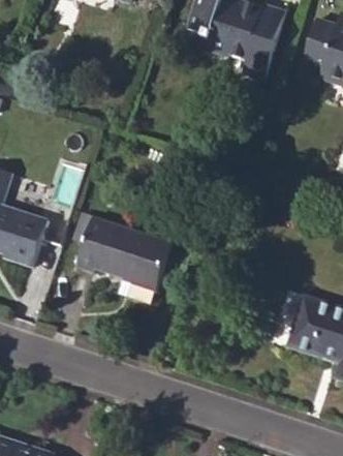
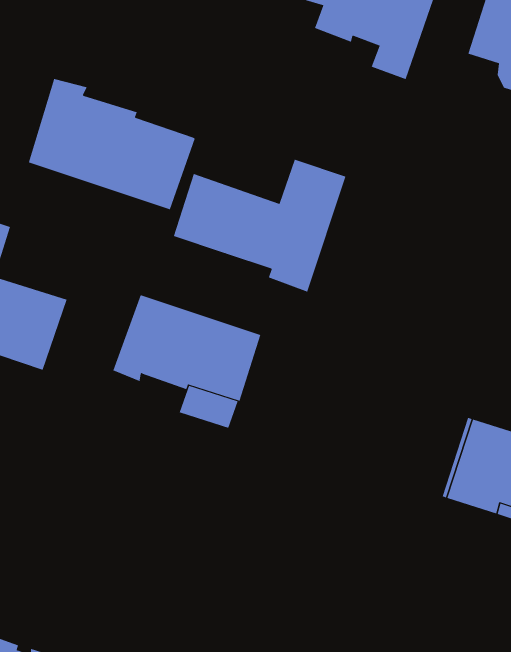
building: none -> [28,78,195,210]
building: none -> [173,159,346,292]

